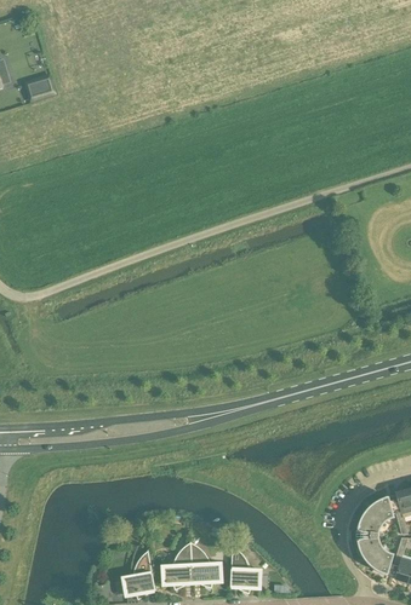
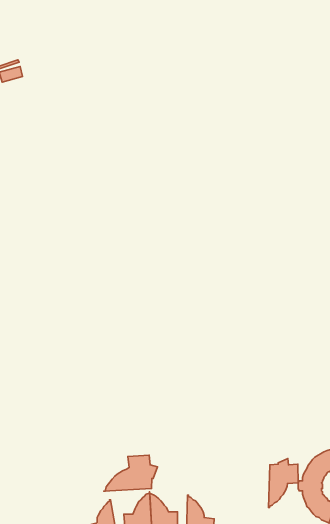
building: none -> [104,455,157,491]
building: none -> [268,459,298,507]

